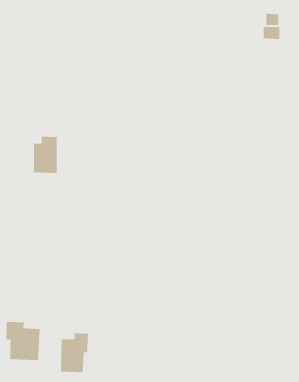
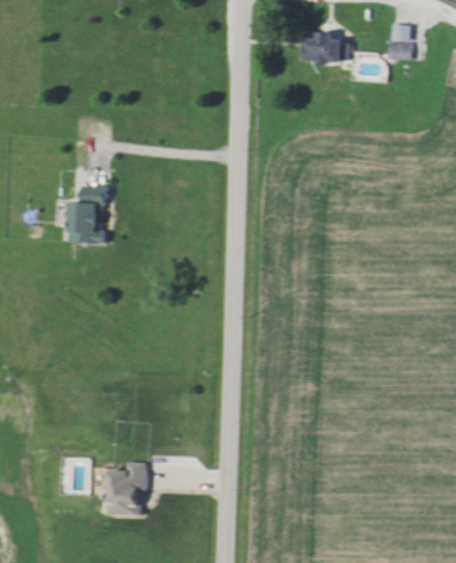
building: none -> [300,32,347,62]
building: [6,321,40,361] -> none

